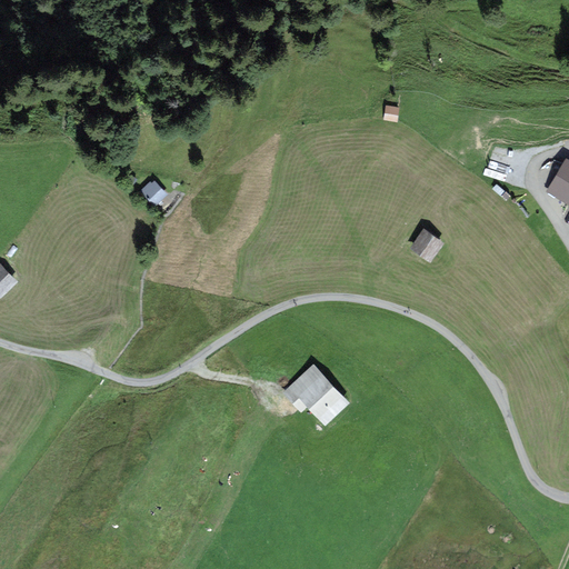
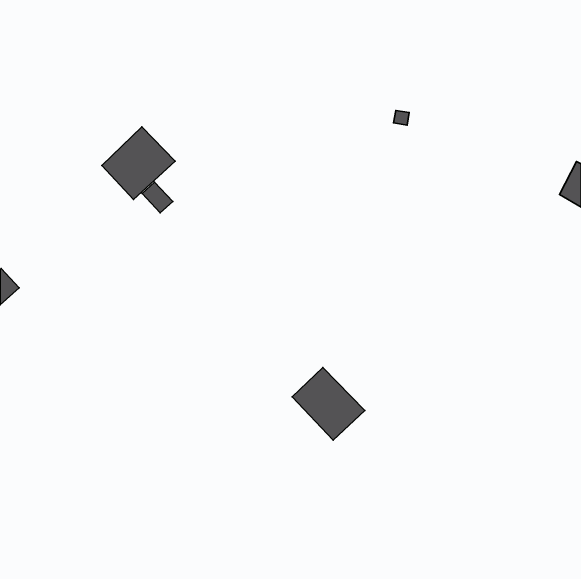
building: none -> [102,127,175,200]
building: [409,229,443,263] -> none

